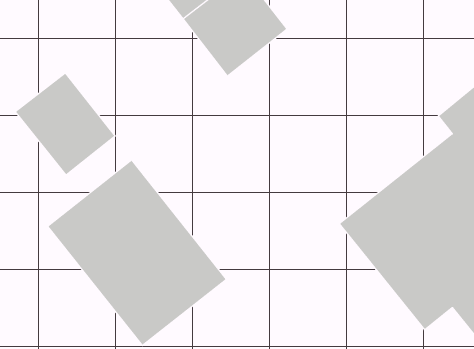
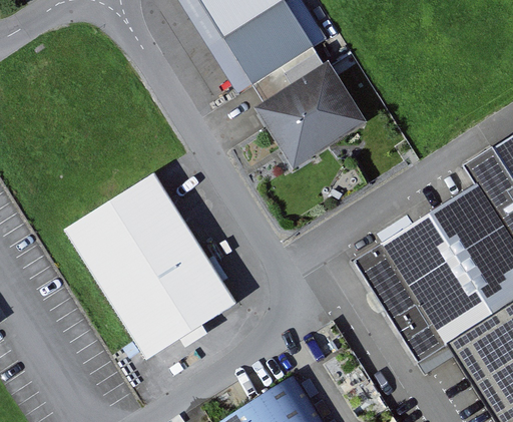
building: none -> [251,58,372,174]
building: [15,73,115,175] -> none

